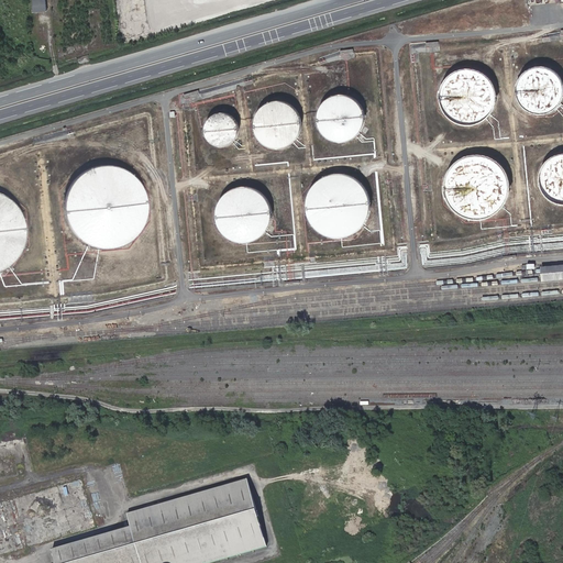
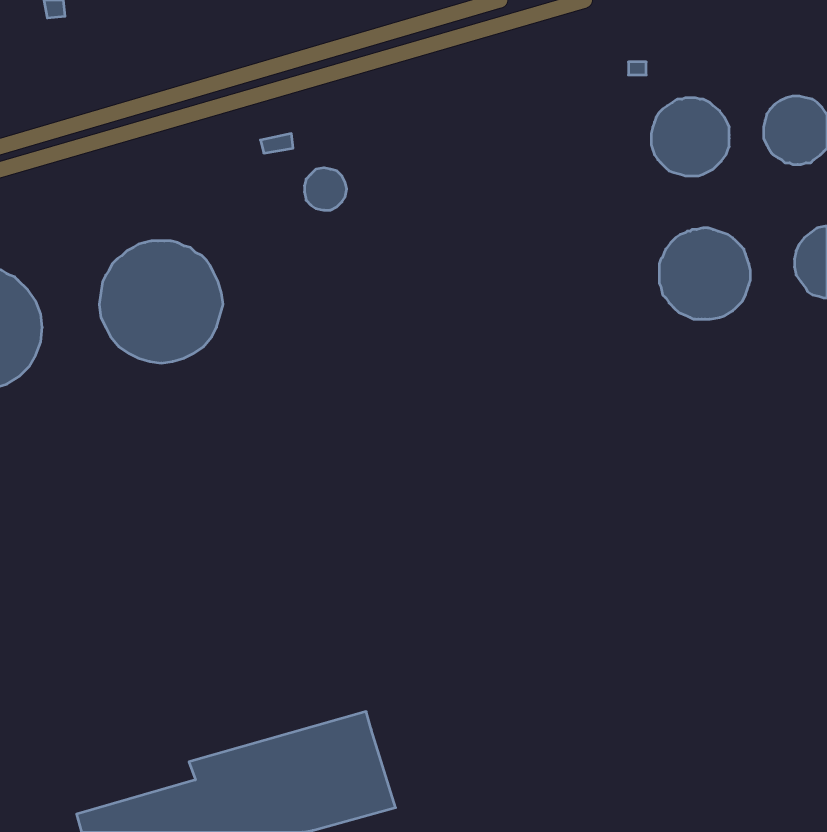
building: [314,96,362,142] -> none
building: [252,100,299,147] -> none
building: [303,174,366,236] -> none
building: [213,187,268,242] -> none

